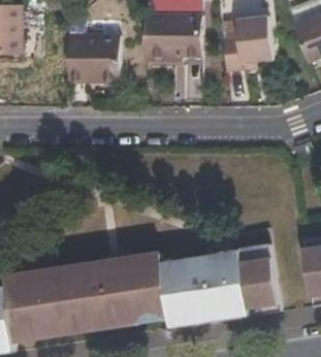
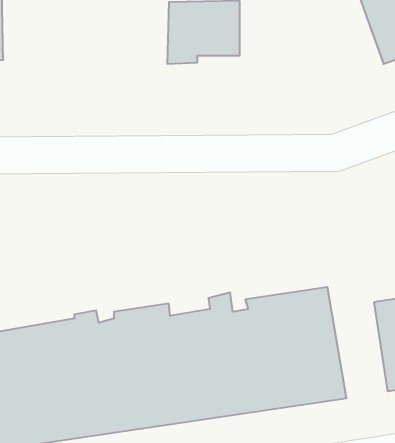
building: [223,18,271,71] -> none
building: [67,34,121,82] -> none

